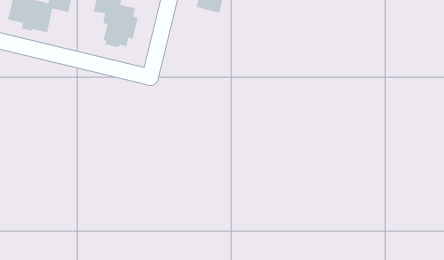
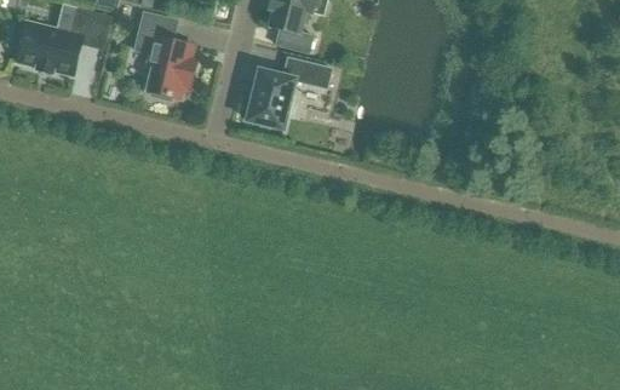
building: none -> [246,56,331,127]

